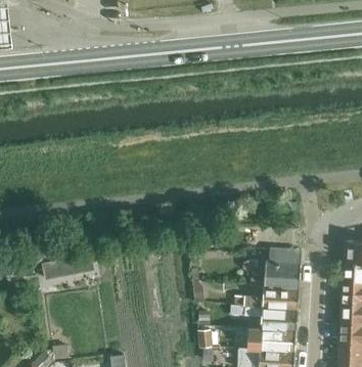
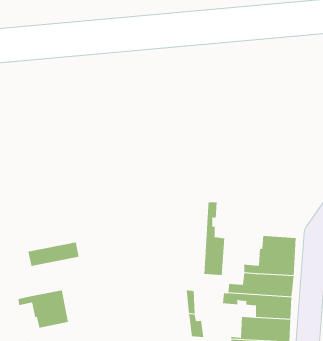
building: none -> [204,202,225,276]
building: none -> [18,289,68,329]

